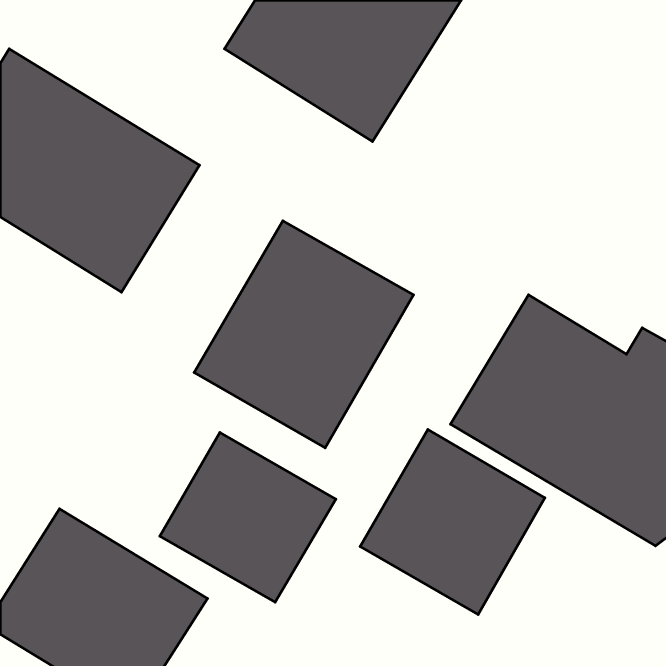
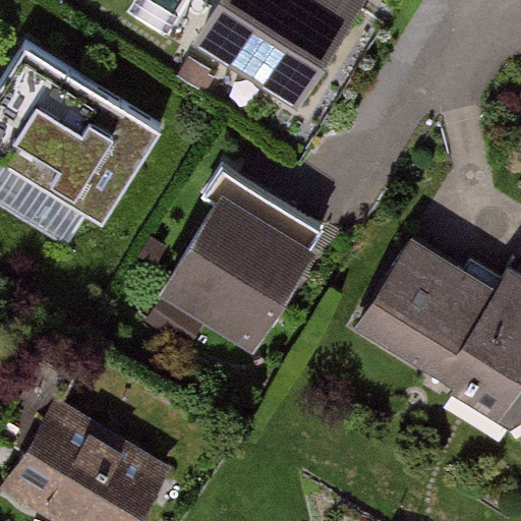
building: [360,429,545,615] -> none
building: [160,432,336,602] -> none

